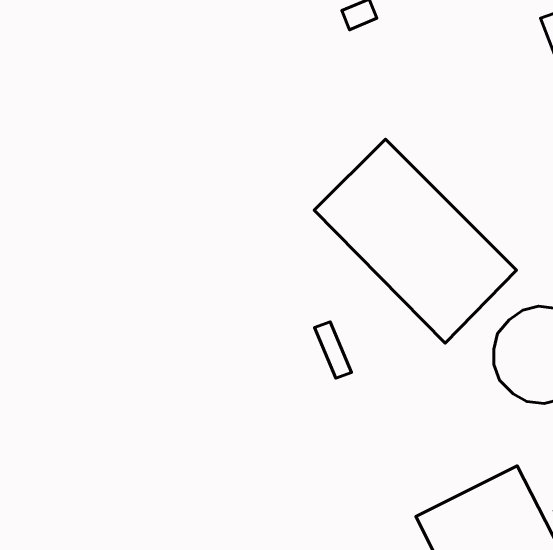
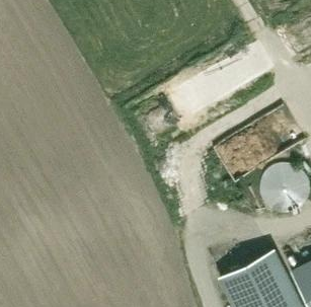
building: [314,139,517,343] -> none

